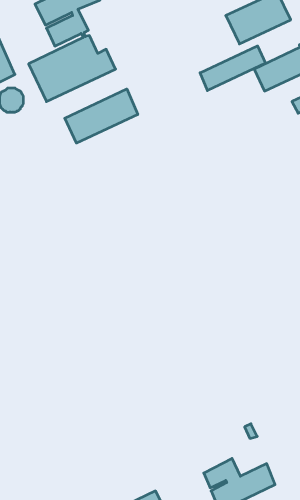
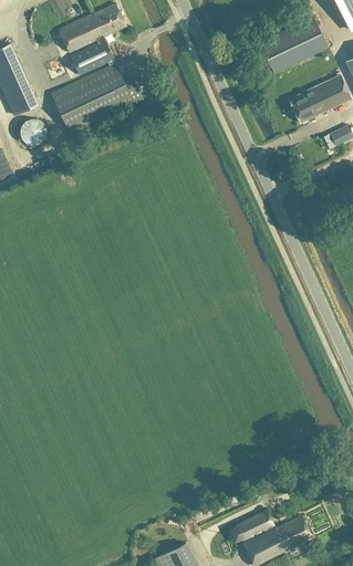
building: [200,46,266,91] -> none
building: [65,89,138,143] -> none

